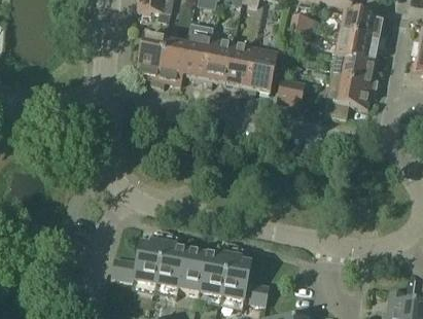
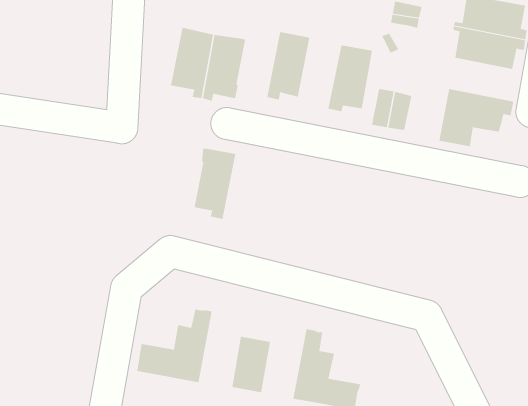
building: [182,32,212,82] -> [194,148,236,220]
building: [225,40,255,91] -> none
building: [326,55,379,85] -> none
building: [155,234,184,287] -> none
building: [200,244,231,295] -> none

